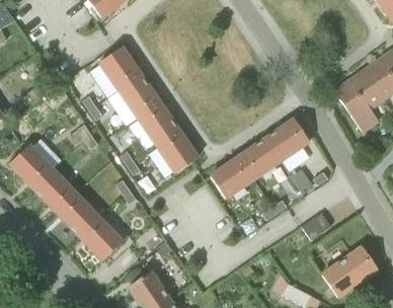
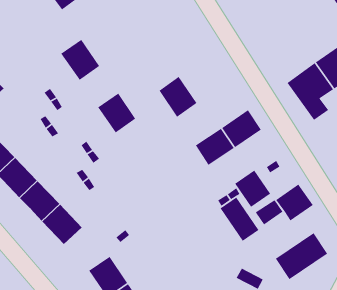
building: [120,74,160,117] -> none
building: [157,129,198,172] -> [158,76,197,118]
building: [211,156,253,197] -> none
building: none -> [234,169,271,208]
building: none -> [275,184,314,222]
building: none -> [219,197,260,242]

